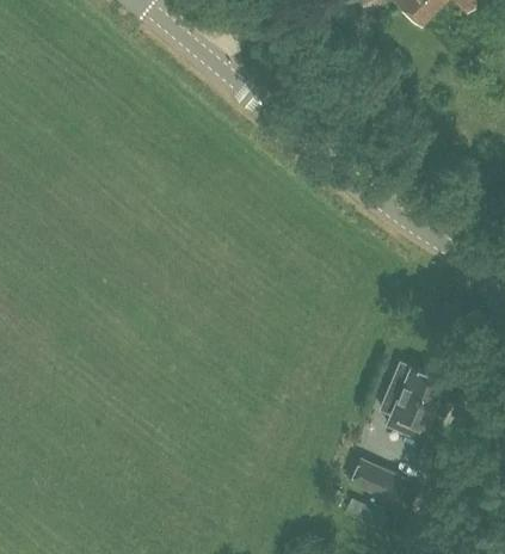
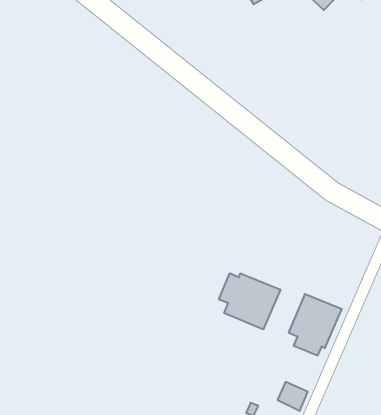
building: none -> [219,273,280,329]

